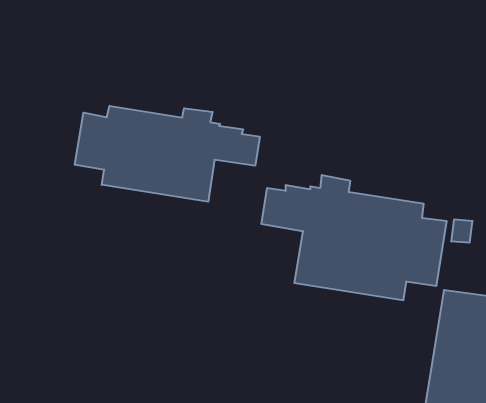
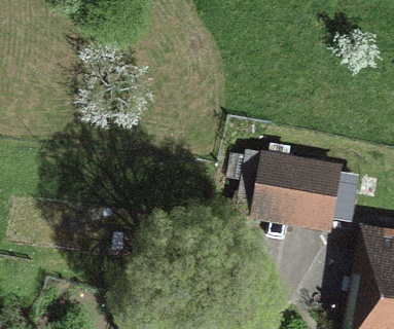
building: [75,106,260,202] -> none

